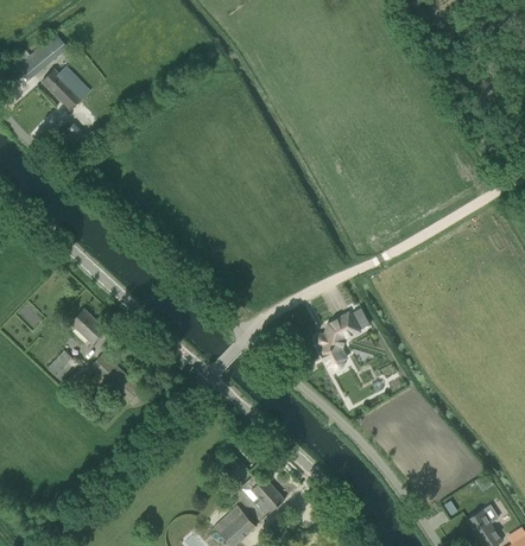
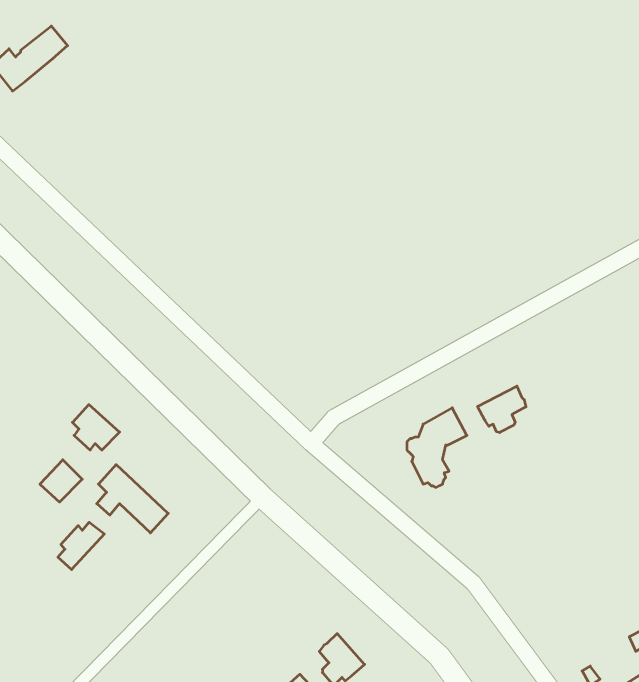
building: [42,66,90,110] -> none
building: none -> [478,386,526,433]
building: none -> [58,522,104,570]

